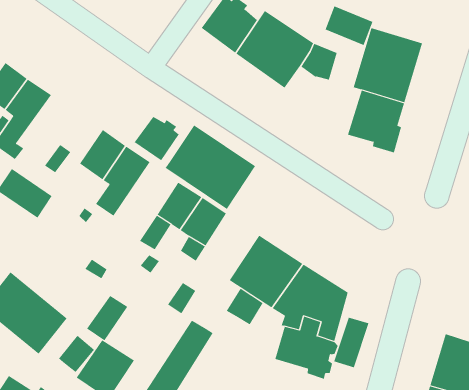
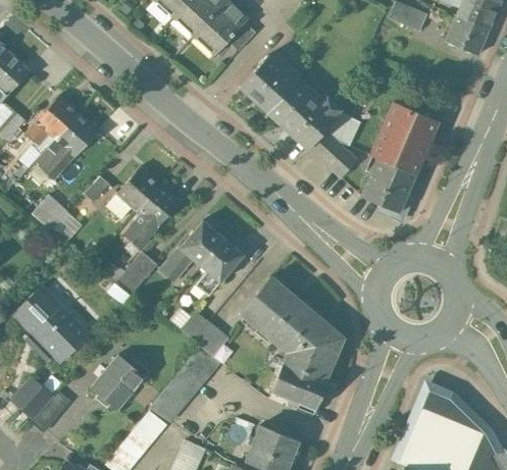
building: [325,6,373,46] -> none
building: none -> [309,130,348,169]
building: [134,116,180,161] -> none
building: [165,124,256,210] -> none
building: [226,288,264,325] -> [193,321,227,356]
building: [86,295,128,341] -> [118,252,158,293]
building: [333,317,369,368] -> none
building: [58,335,95,373] -> none

